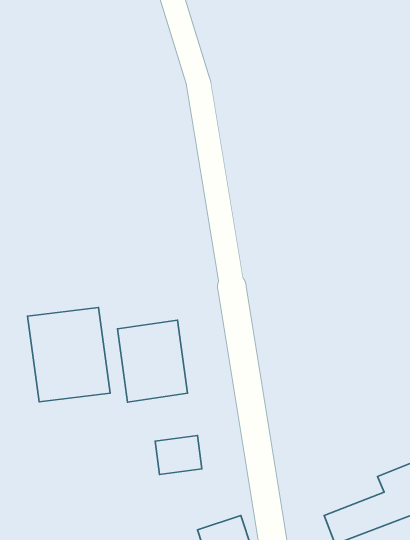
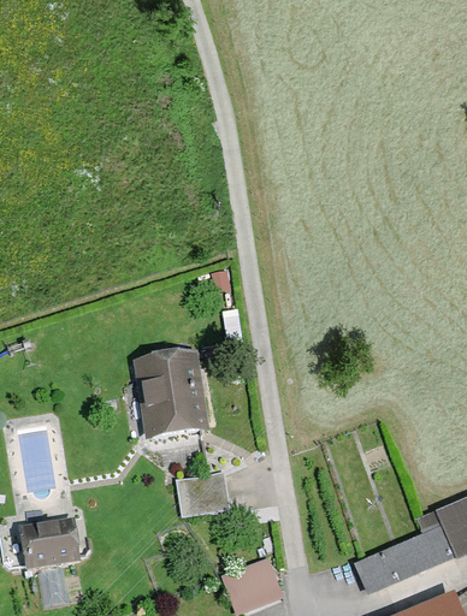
building: [27,307,110,402] -> none
building: none -> [19,520,78,568]

